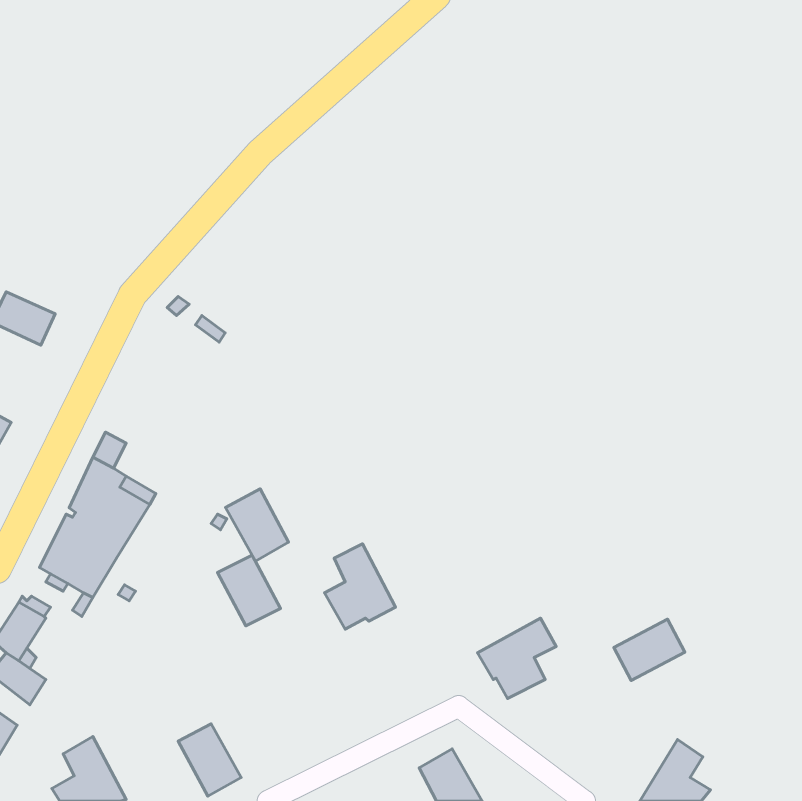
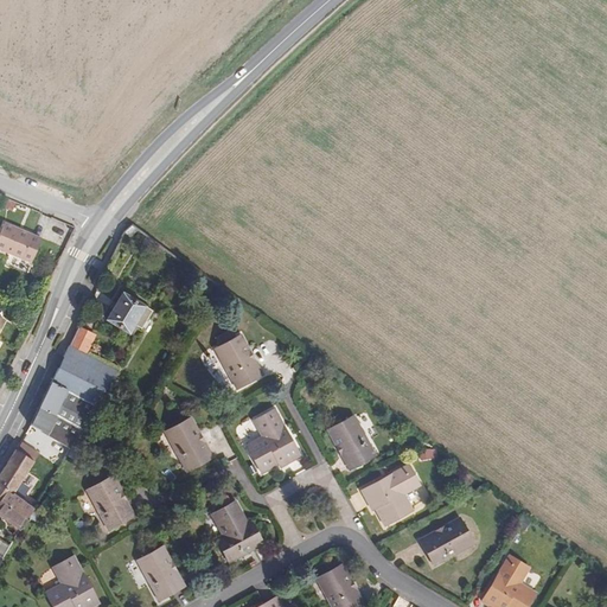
building: none -> [110,295,153,334]
building: [226,489,289,561] -> [213,334,261,389]
building: none -> [327,416,373,469]
building: [614,619,685,681] -> [417,518,471,564]
building: none -> [84,474,130,528]
building: none -> [210,499,260,560]

